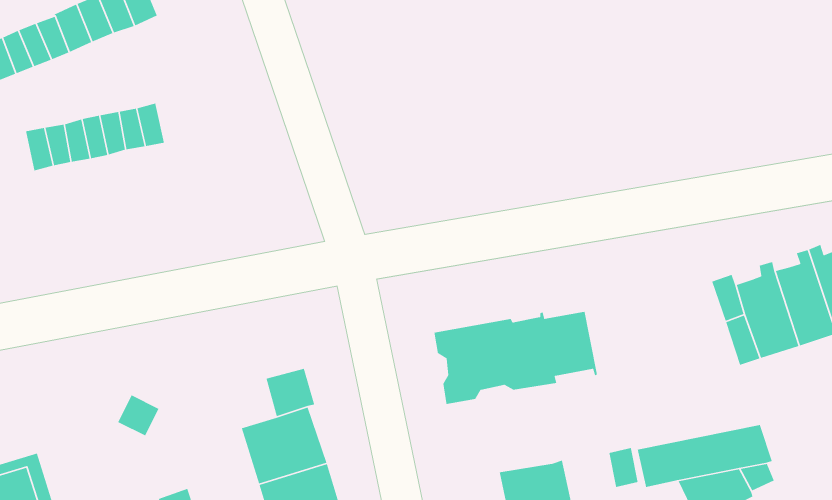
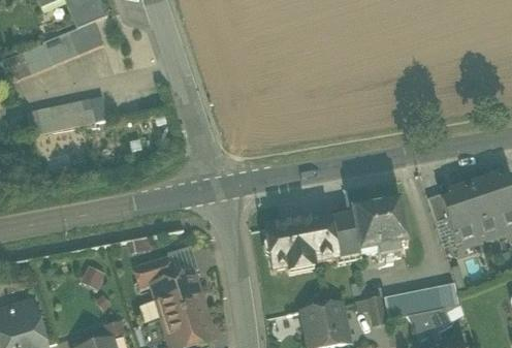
building: none -> [352,202,407,259]
building: none -> [133,255,172,288]

